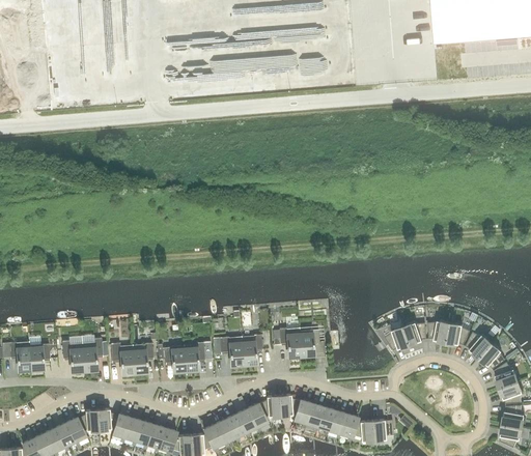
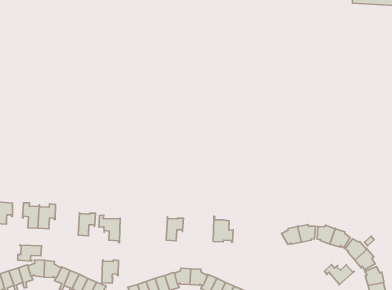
building: [279,329,302,359] -> none
building: [220,336,244,366] -> none
building: [111,343,135,374] -> none
building: [184,343,205,375] -> [102,260,118,284]
building: none -> [324,264,354,285]
building: none -> [18,245,41,261]

